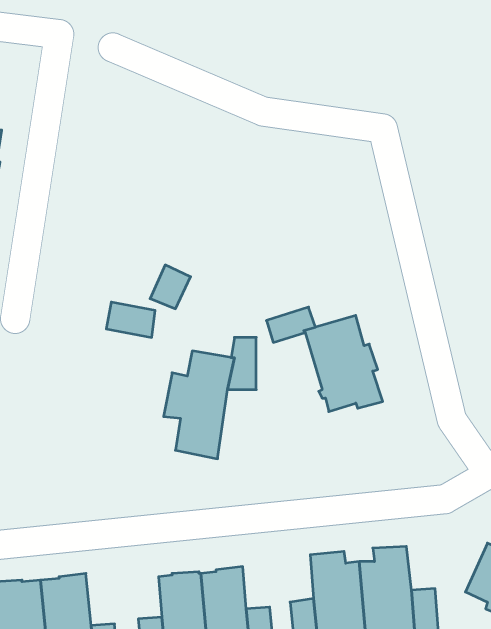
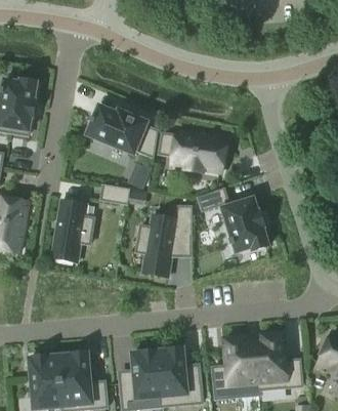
building: none -> [87,106,158,157]
building: none -> [159,131,227,172]
building: none -> [52,200,94,261]

